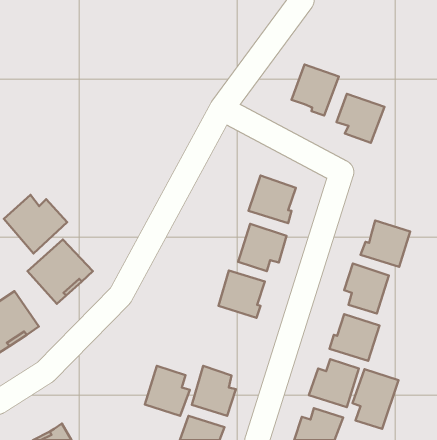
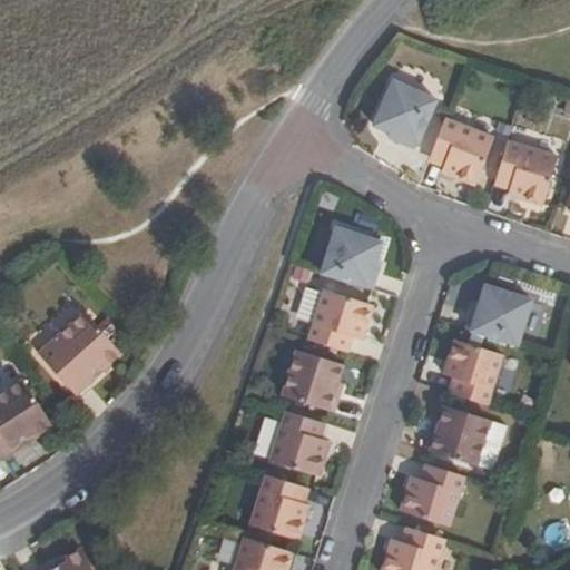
building: none -> [499,145,559,206]
building: [4,195,67,254] -> none
building: [145,366,190,416] -> [268,410,326,474]
building: [353,369,398,429] -> none

